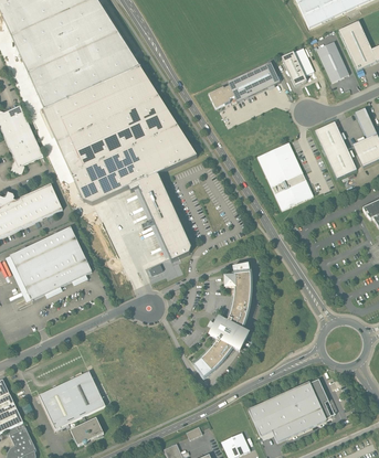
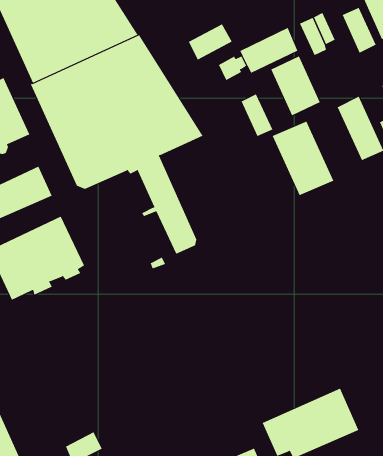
building: none -> [188,24,232,61]
building: none -> [270,55,321,116]
building: none -> [241,94,273,137]
building: [196,264,253,380] -> none
building: [40,371,107,430] -> none

